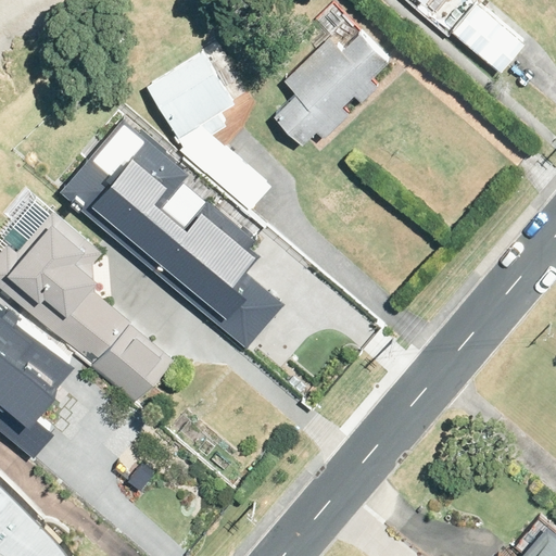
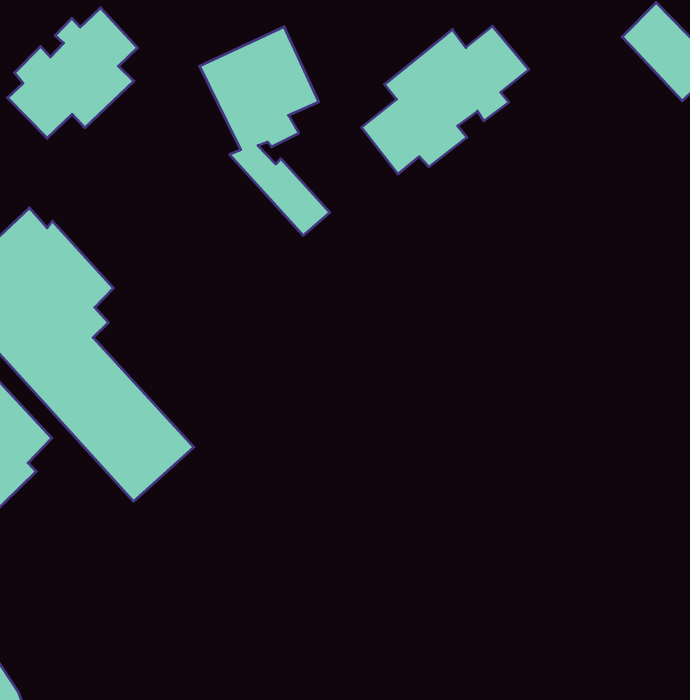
building: none -> [7,8,138,138]
building: [59,121,271,345] -> none

